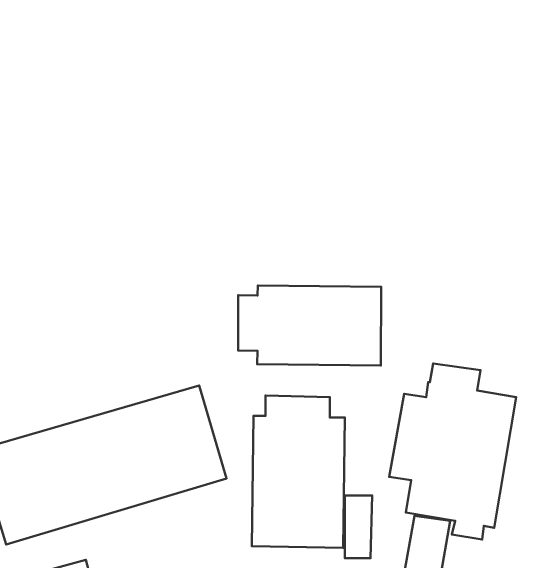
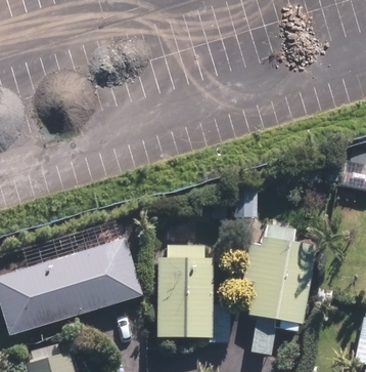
building: [238,285,381,366] -> none

